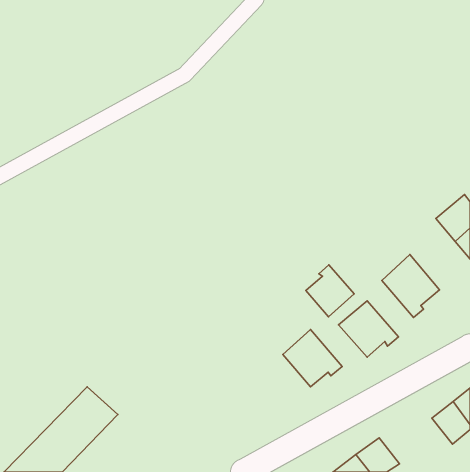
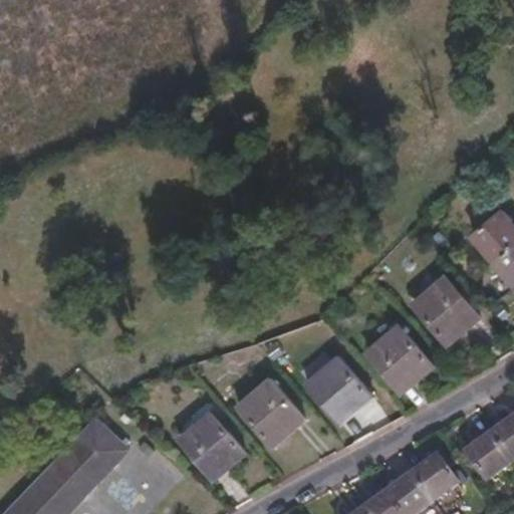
building: [306,265,354,317] -> none
building: none -> [238,378,300,446]
building: none -> [179,414,243,476]
building: none -> [411,455,459,503]

